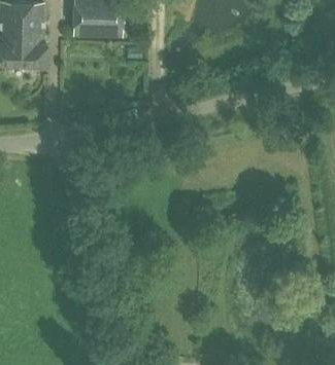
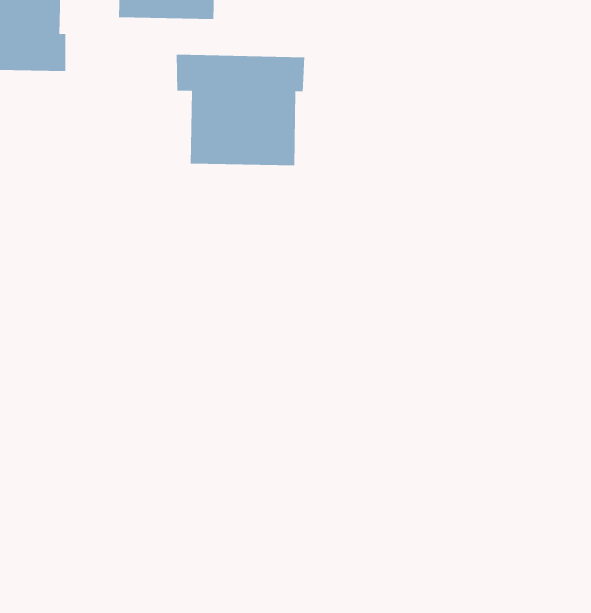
building: none -> [176,54,305,166]

